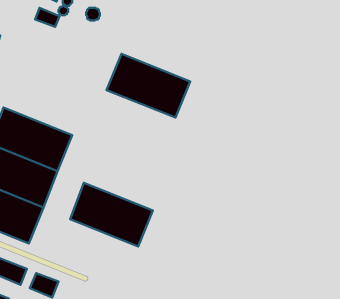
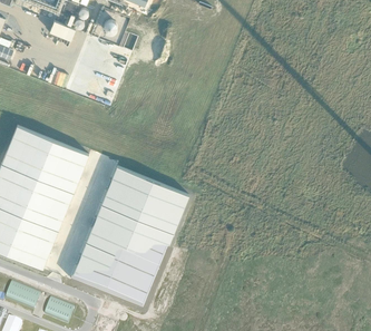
building: [106,54,190,118] -> [100,165,188,232]
building: none -> [70,241,157,308]

